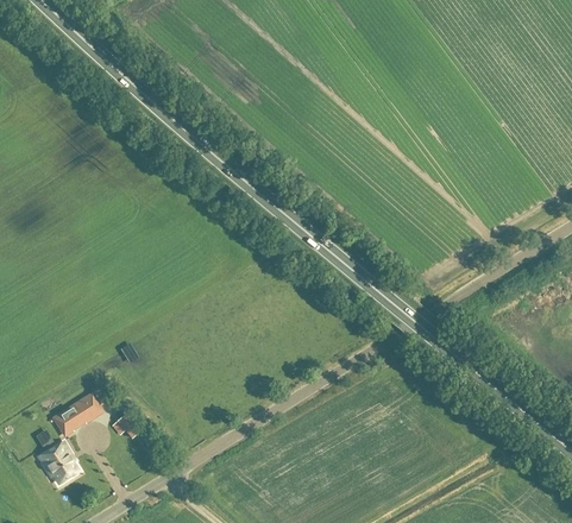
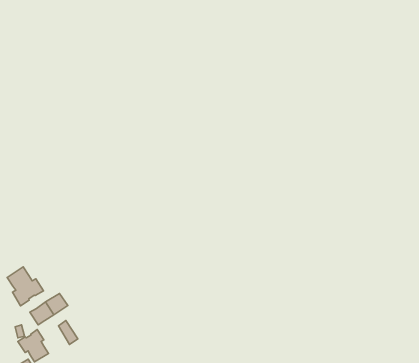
building: none -> [7,267,43,306]

